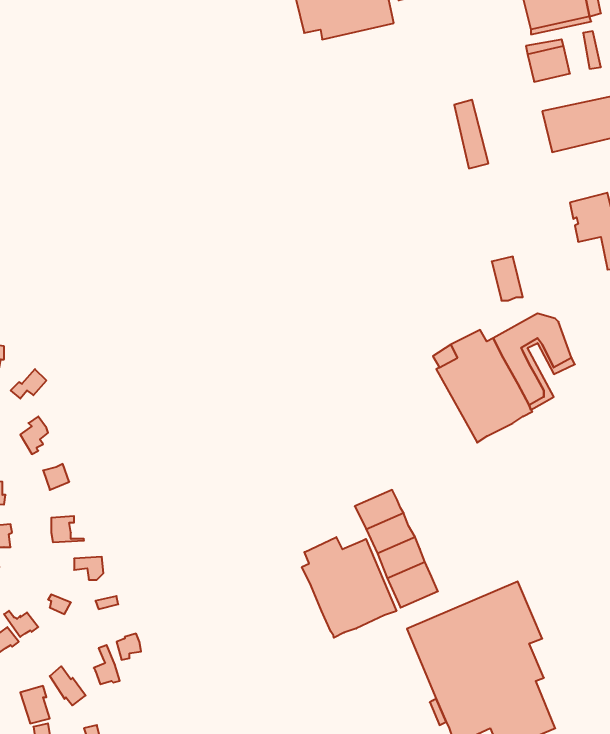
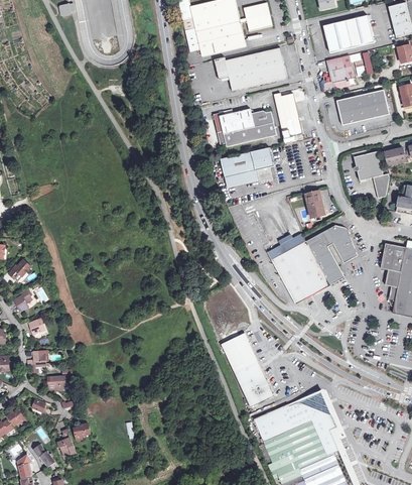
building: none -> [215,47,287,91]
building: none -> [215,108,278,146]
building: none -> [219,146,272,188]
building: [302,537,396,638] -> none

